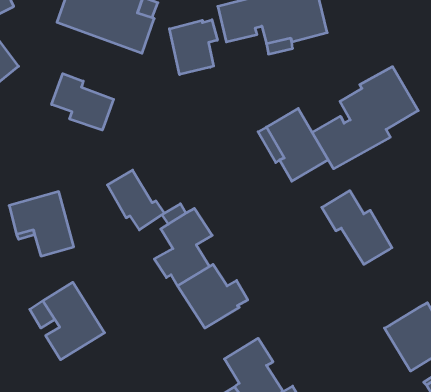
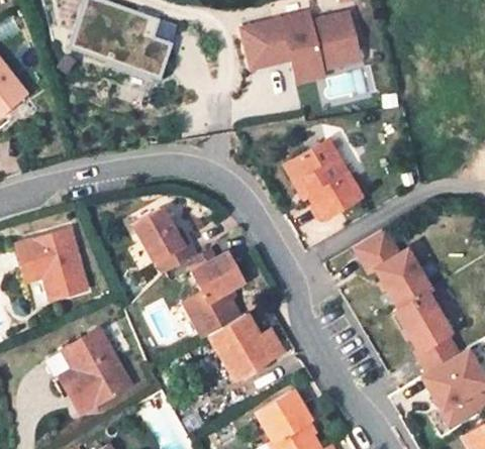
building: [169,20,217,75] -> none
building: [312,67,418,169] -> none
building: [52,74,114,130] -> none
building: none -> [398,294,462,375]

